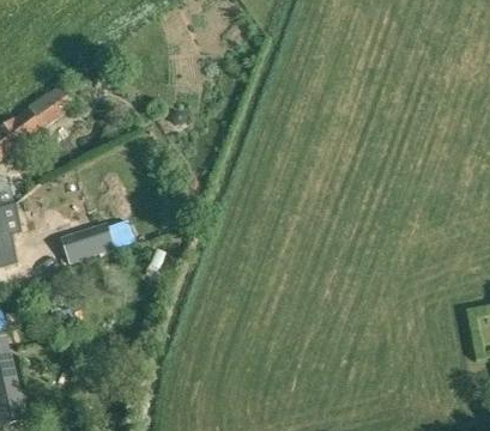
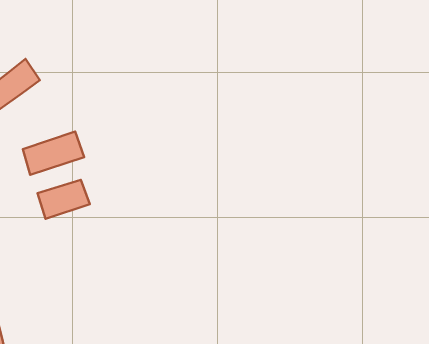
building: none -> [23,132,84,175]

